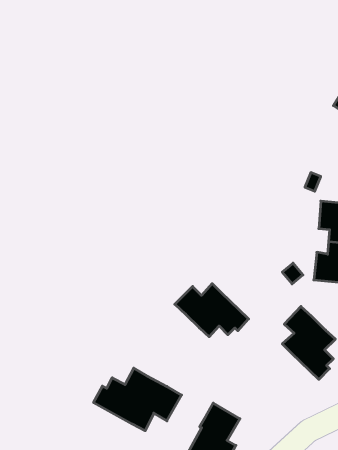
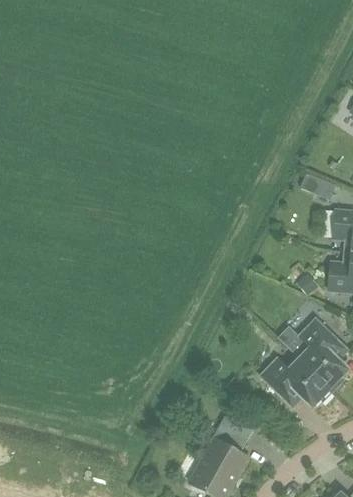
building: [175,284,249,337] -> [257,354,332,408]
building: [94,368,182,431] -> none

